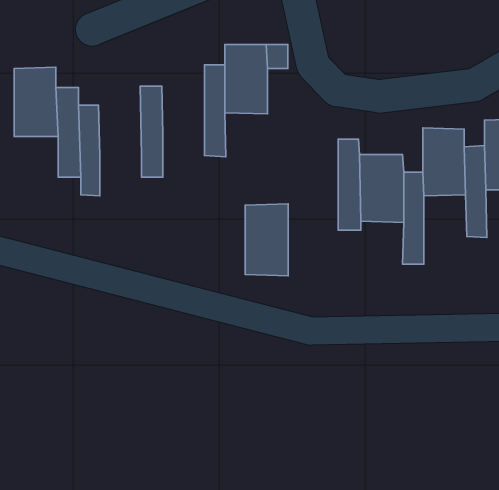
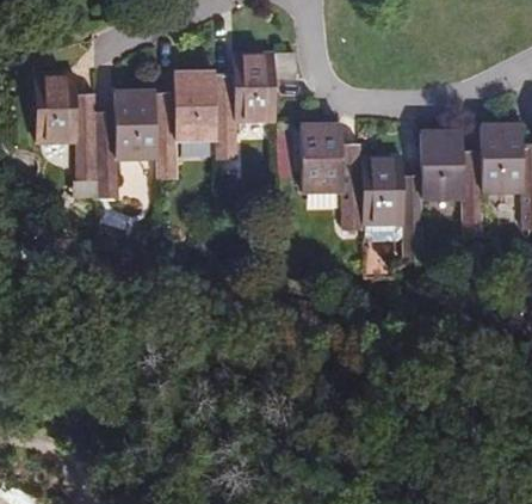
building: none -> [174,73,215,139]
building: none -> [115,93,155,159]
building: [245,204,288,276] -> [301,124,341,192]

